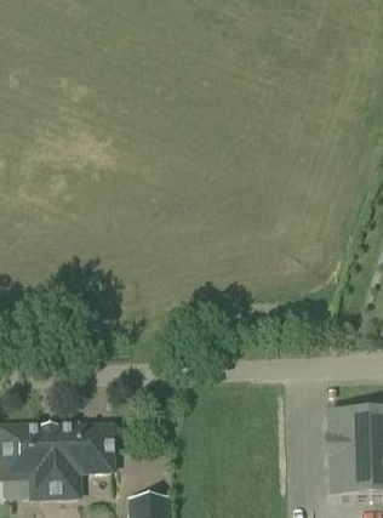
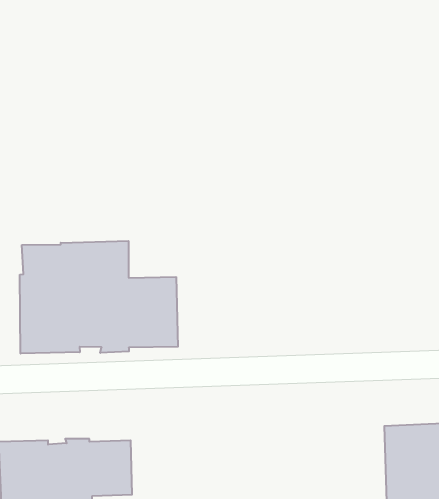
building: none -> [20,241,178,354]

